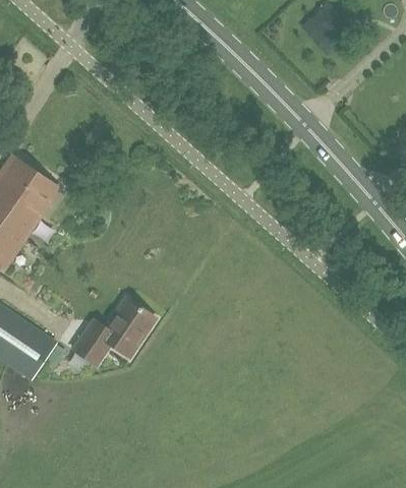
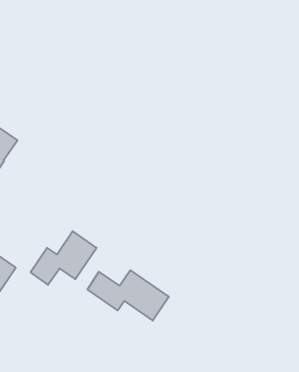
building: none -> [88,270,169,321]

